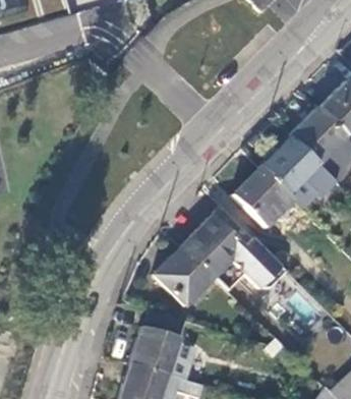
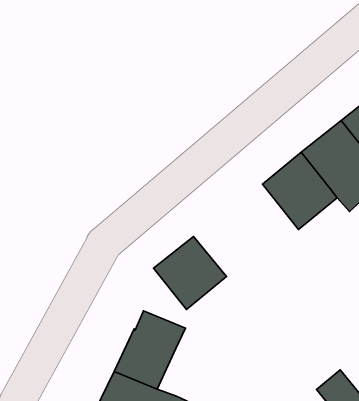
building: [183,207,287,290] -> none

